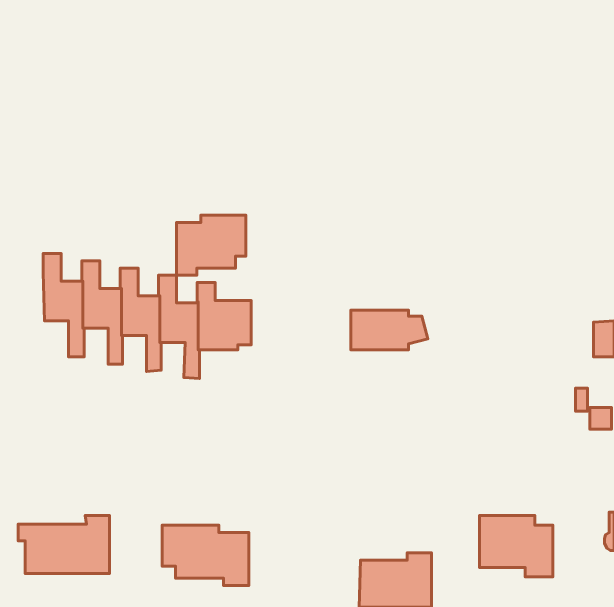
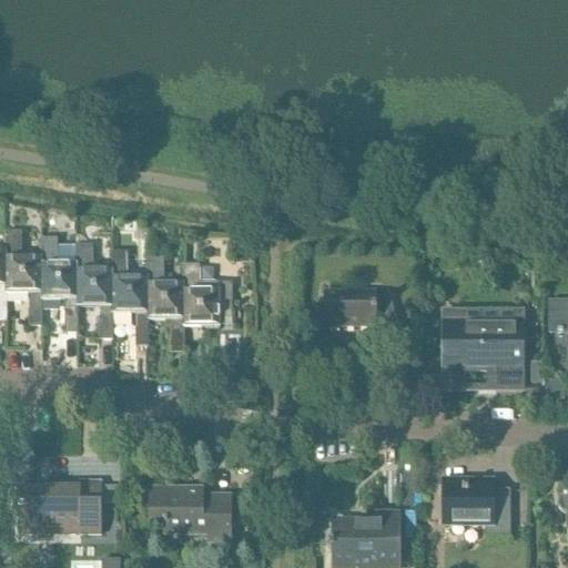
building: [177,215,246,275] -> none
building: none -> [4,227,41,323]
building: none -> [443,316,523,384]

